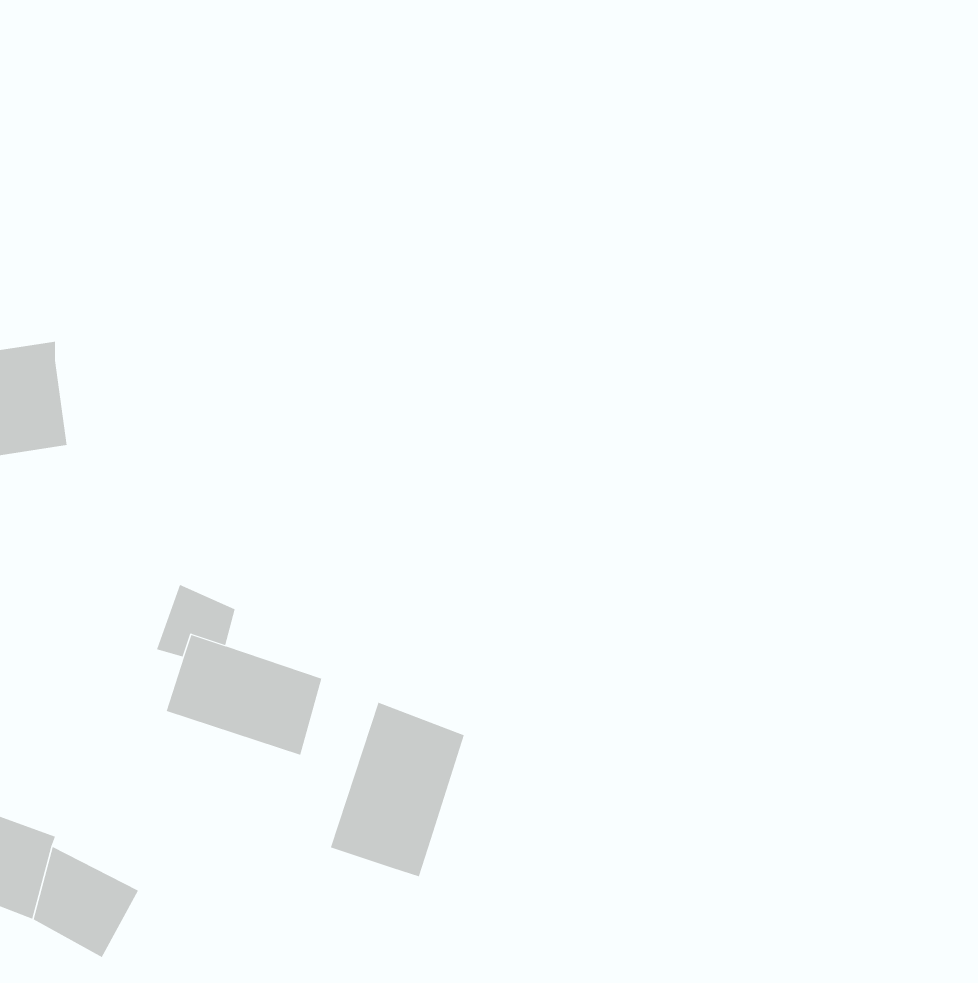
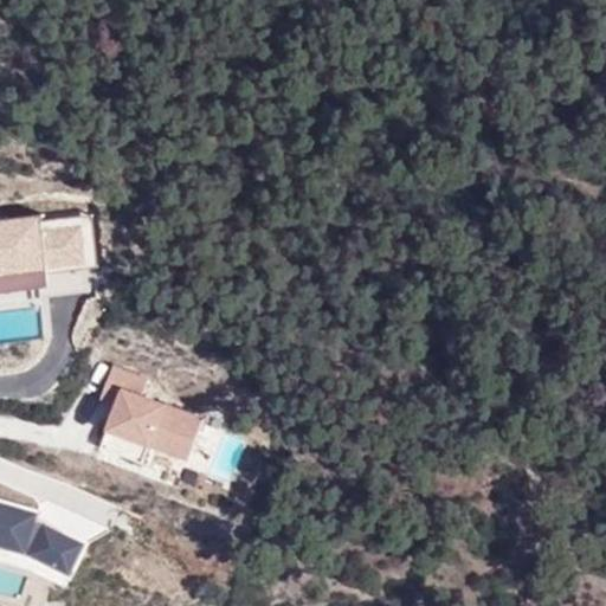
building: none -> [34,214,92,273]
building: [330,702,465,877] -> none

